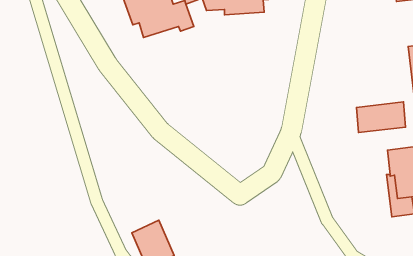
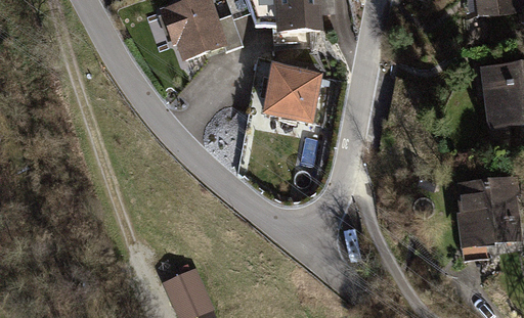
building: none -> [261,65,318,122]
building: [356,102,406,133] -> none

